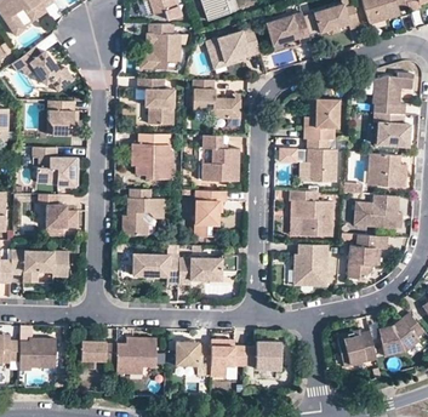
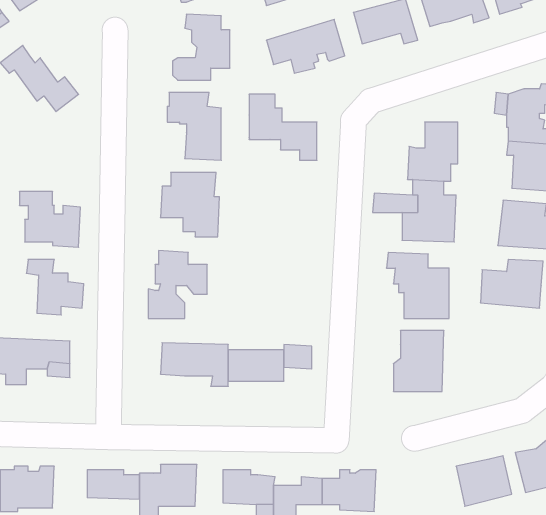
building: [47,101,78,136] -> none
building: [202,136,239,183] -> none
building: [193,190,226,238] -> none
building: [346,235,387,281] -> none

